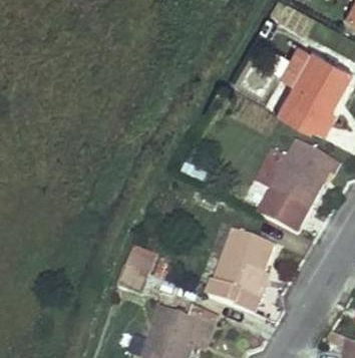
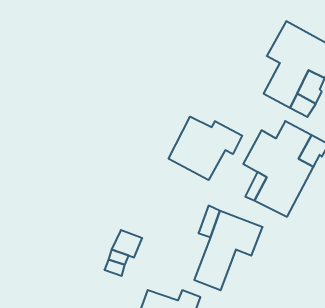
building: none -> [169,117,242,180]
building: [234,265,264,312] -> none

